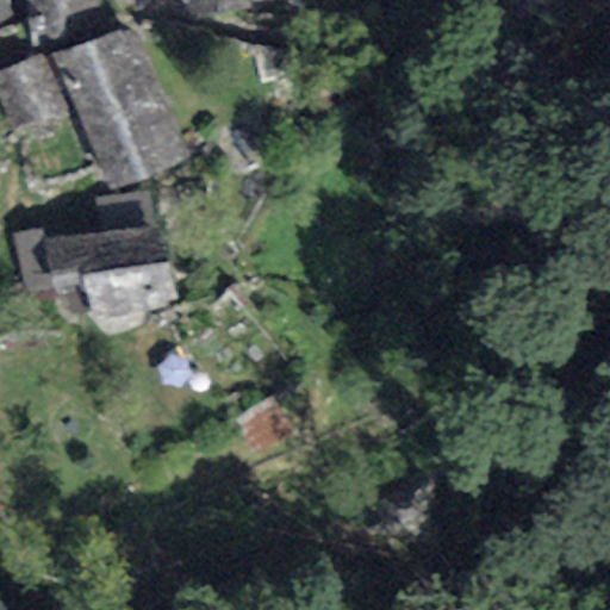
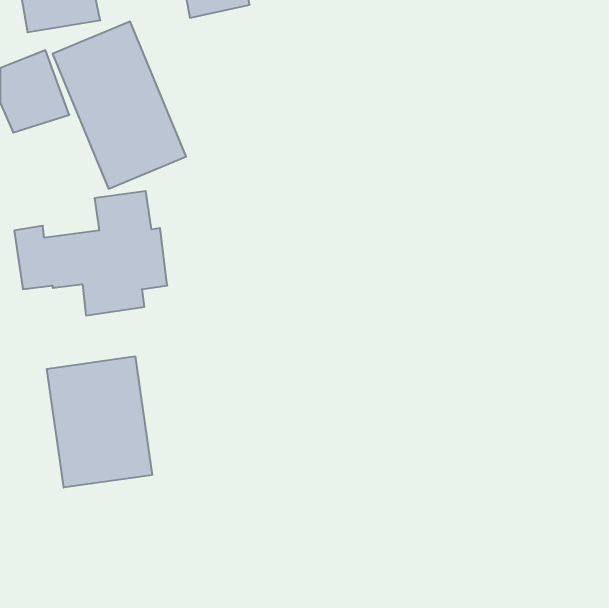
building: none -> [47,356,152,488]

